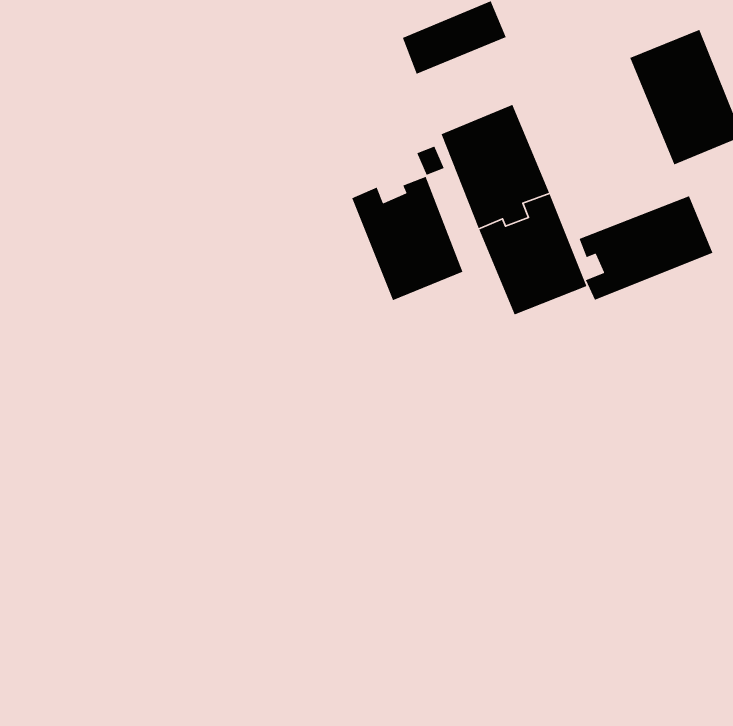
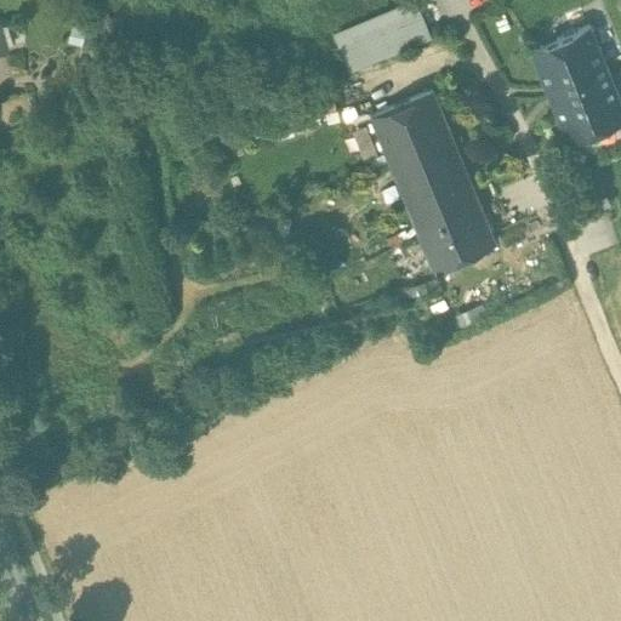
building: [351,176,463,301] -> none
building: [579,195,714,301] -> none

